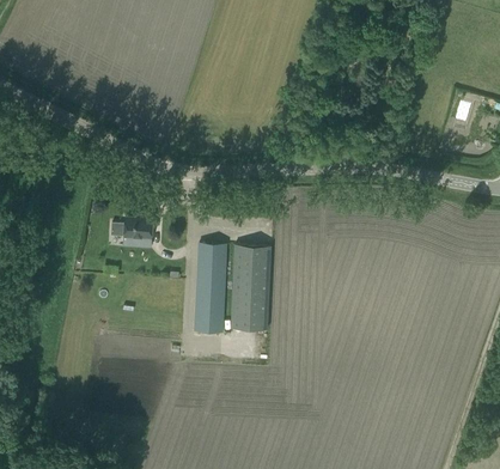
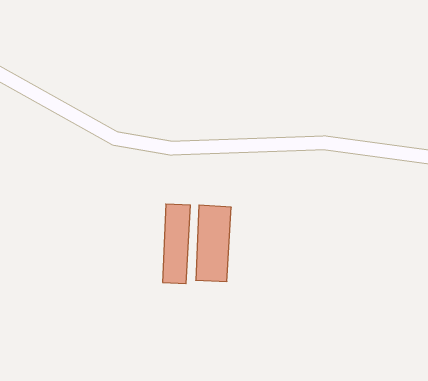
building: [111,215,152,246] -> none

